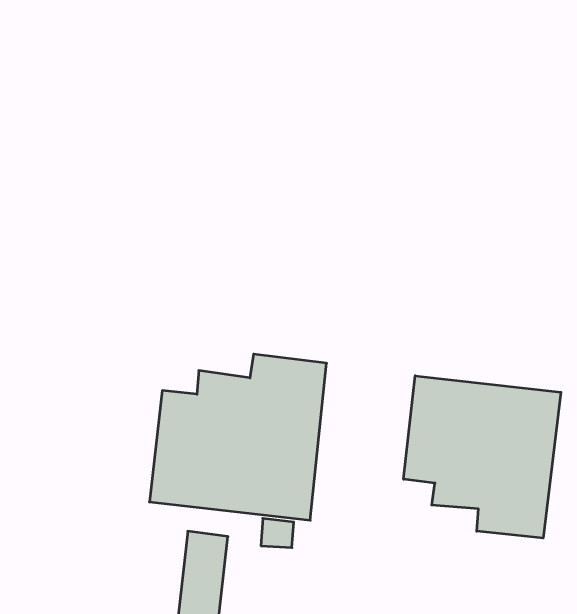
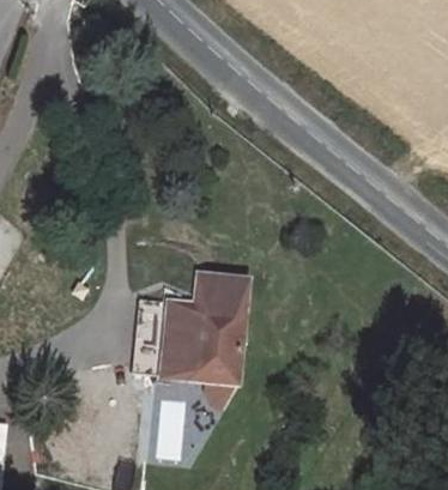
building: [404,376,561,538] -> none

